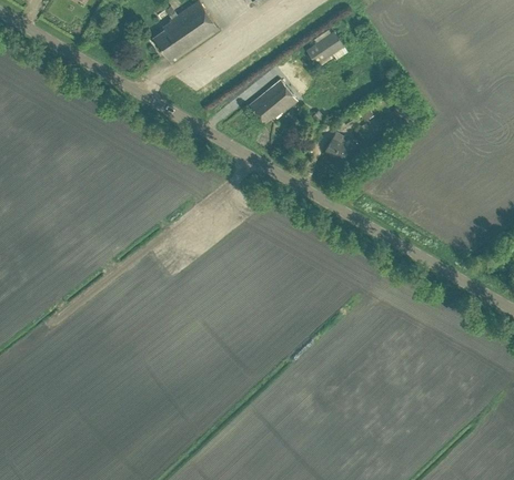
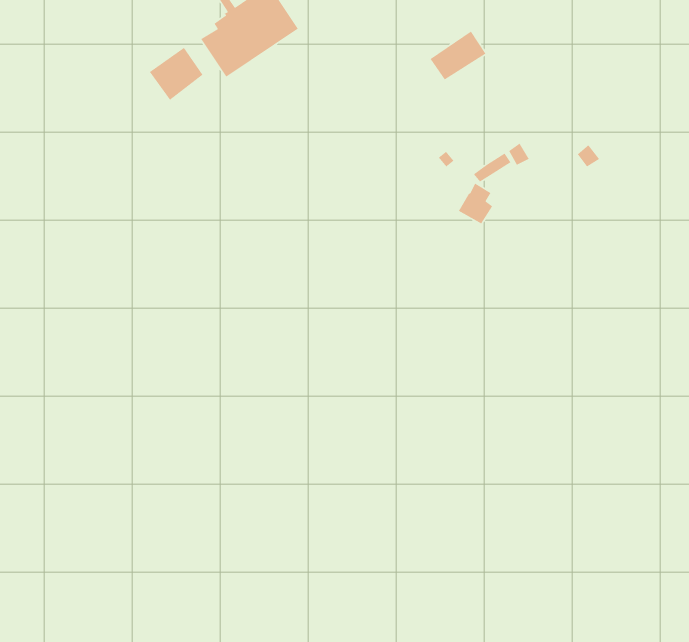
building: none -> [149,47,204,101]
building: [249,79,298,122] -> none

